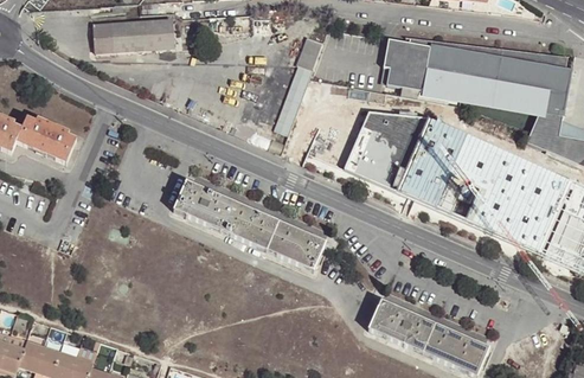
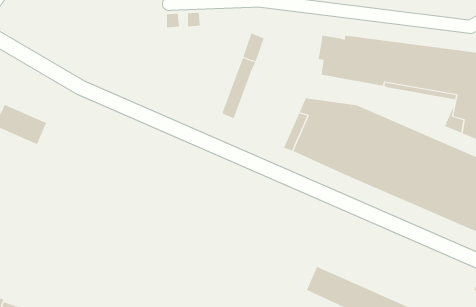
building: [94,21,174,55] -> none
building: [174,185,325,273] -> none

